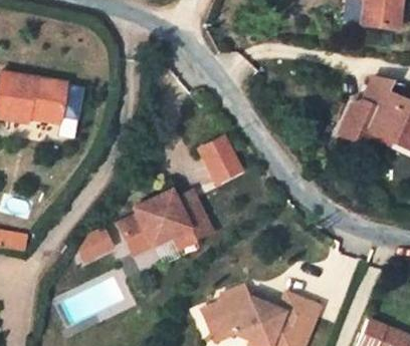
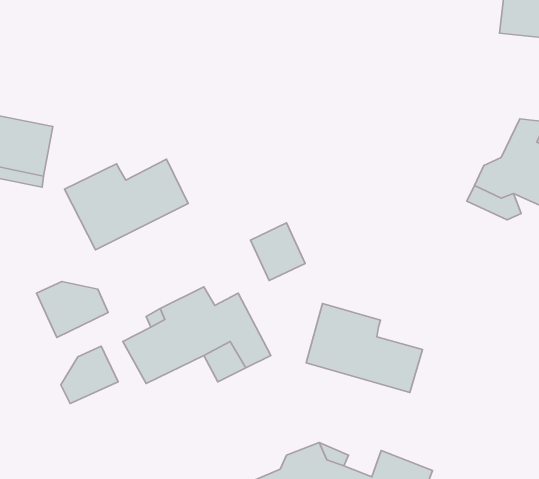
building: none -> [65,159,188,250]
building: none -> [37,281,108,338]
building: none -> [306,303,423,392]

